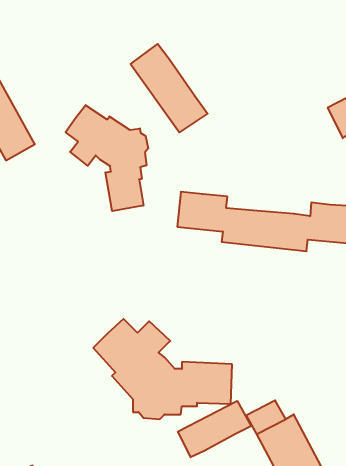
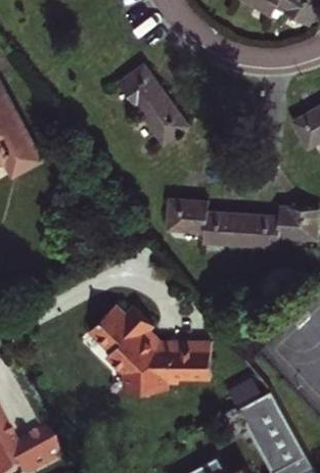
building: [66,105,148,211] -> none
building: [178,401,251,457] -> none

